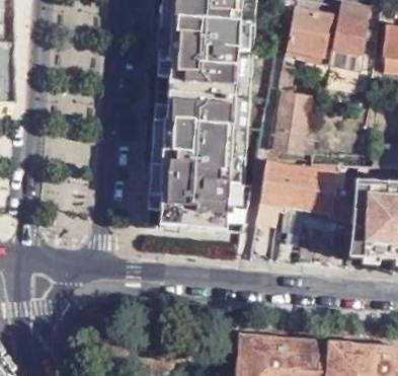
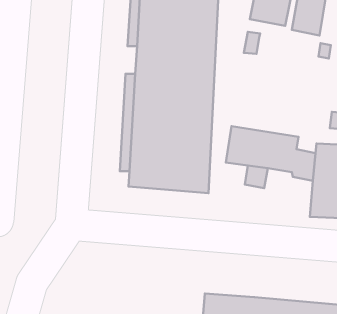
building: [272,89,309,150] -> none

